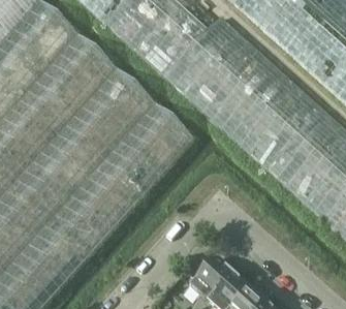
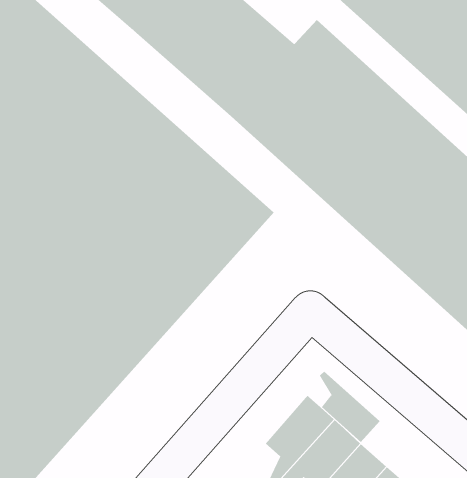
building: none -> [319,371,380,443]

